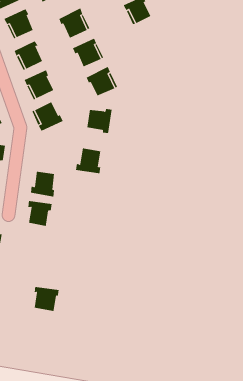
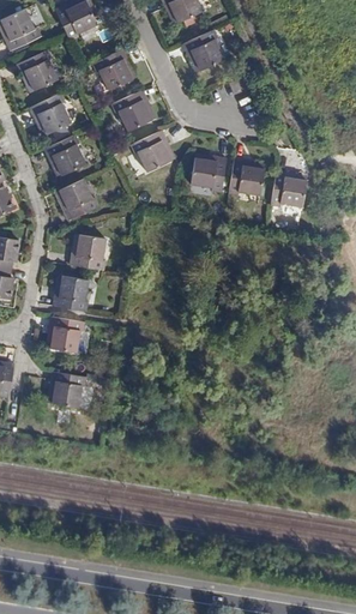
building: none -> [229,159,264,195]
building: none -> [271,170,307,206]
building: [87,109,112,134] -> [191,157,227,192]
building: [75,148,101,174] -> [70,234,105,270]
building: [34,286,59,311] -> [50,372,86,407]

